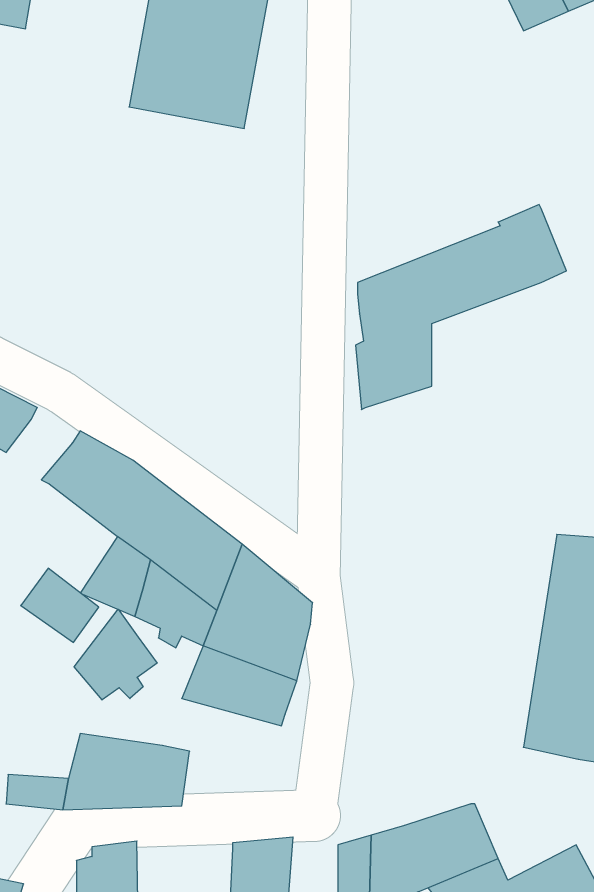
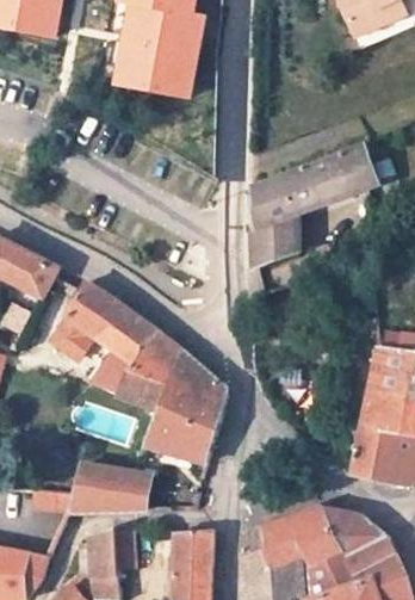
building: [21,568,99,642] -> [48,314,95,359]
building: [74,609,157,700] -> none
building: none -> [324,509,386,556]

